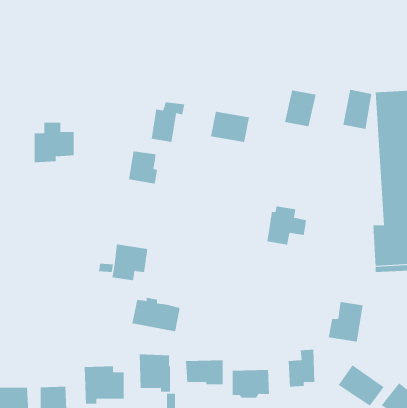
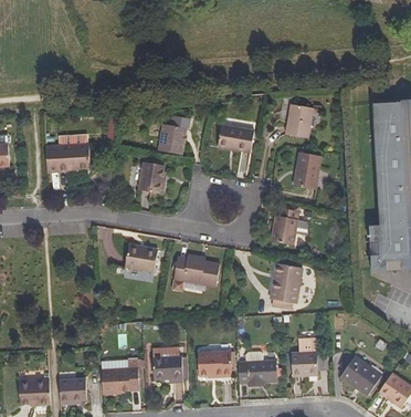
building: [342,89,372,130] -> [293,149,320,187]
building: [132,297,180,332] -> [175,254,220,286]
building: [328,302,364,342] -> [267,265,301,303]

